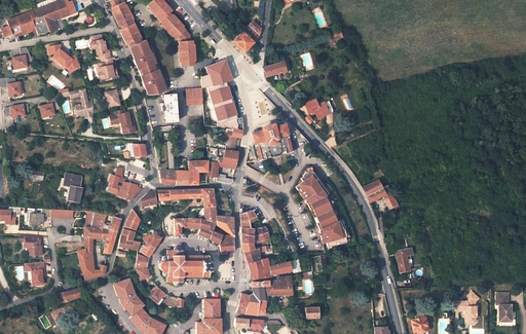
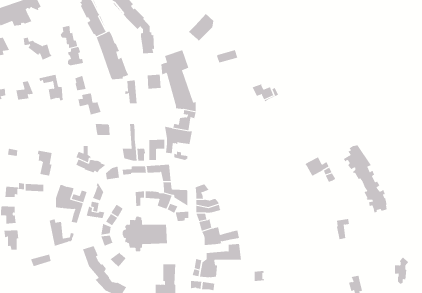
building: [252,123,293,160] -> none
building: [293,170,342,246] -> [343,145,388,213]

